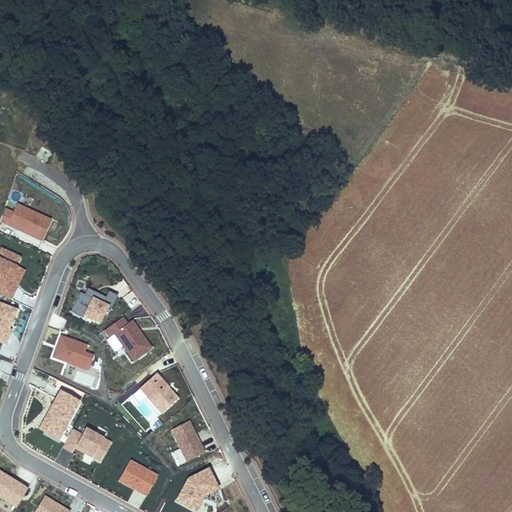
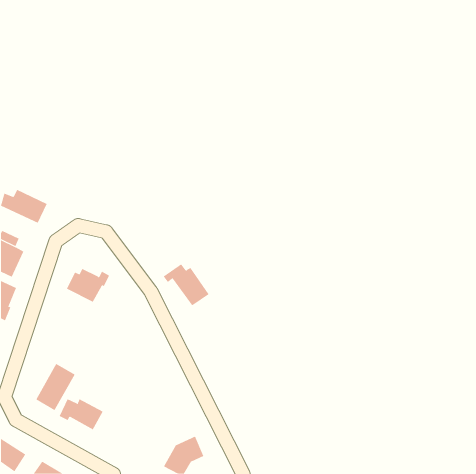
building: [103,315,153,361] -> [163,263,209,306]
building: [52,335,95,371] -> none
building: [139,373,179,413] -> none
building: [170,420,206,461] -> none
building: [118,460,158,497] -> none

